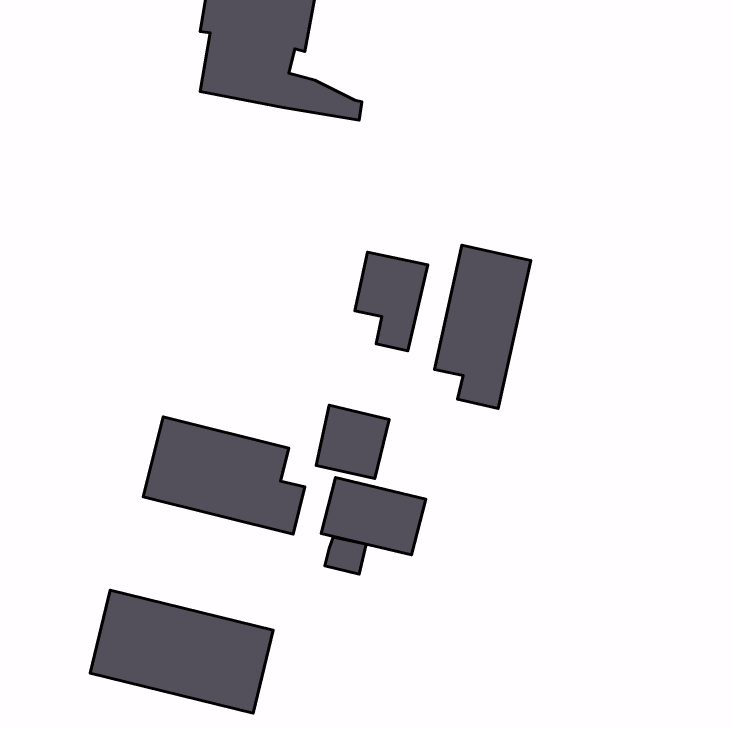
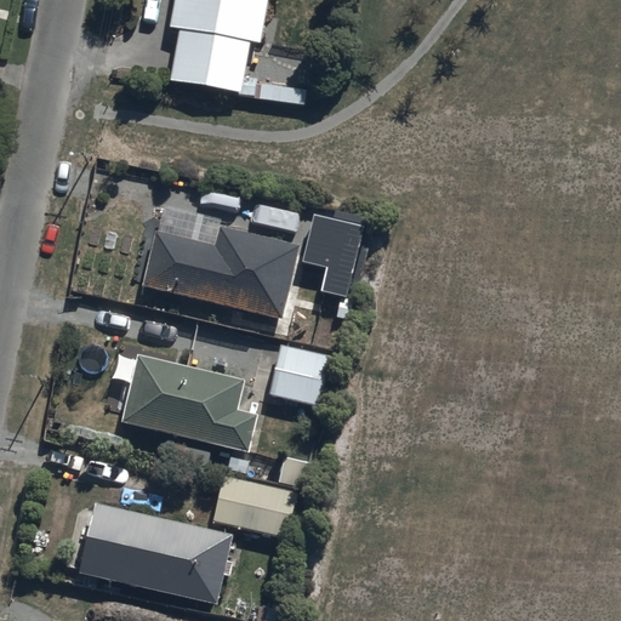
building: [434,245,531,408] -> none
building: none -> [142,224,300,319]
building: [321,478,426,555] -> [210,473,298,539]

